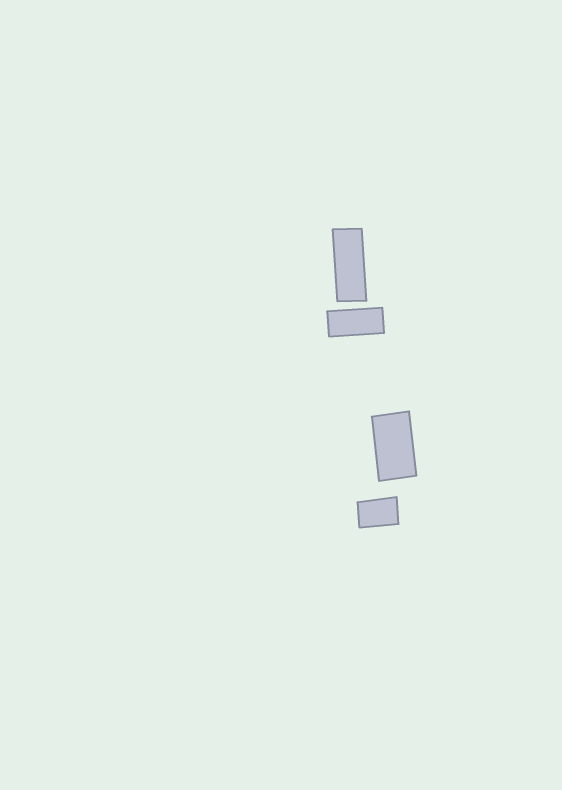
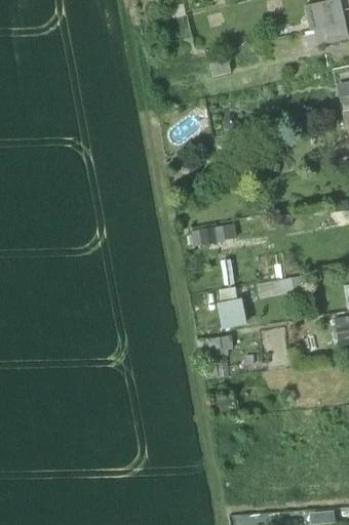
building: [333,229,366,301] -> none

